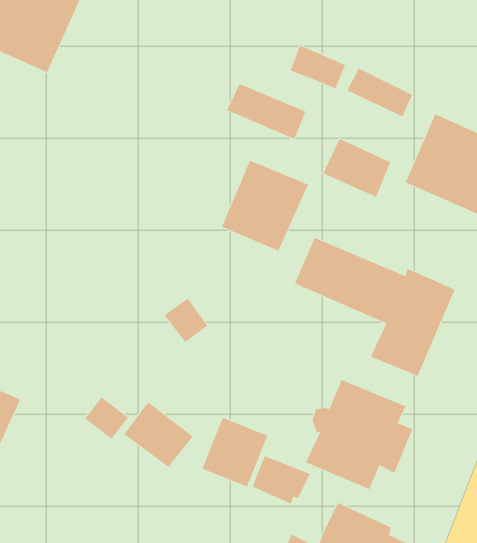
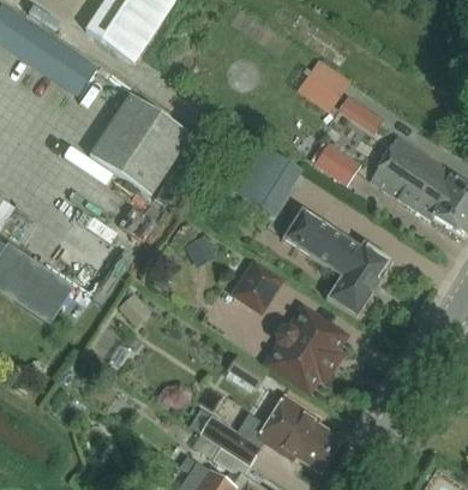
building: [227,83,306,140] -> none
building: none -> [90,94,191,195]
building: [123,401,193,468] -> none
building: [201,417,268,487] -> [232,262,282,313]

